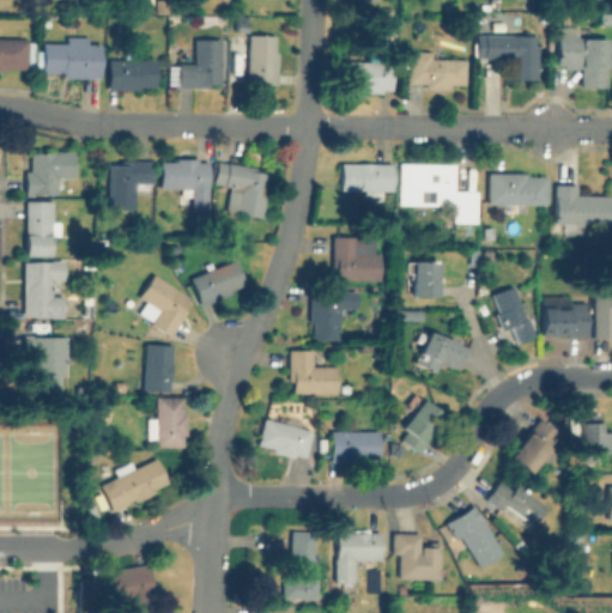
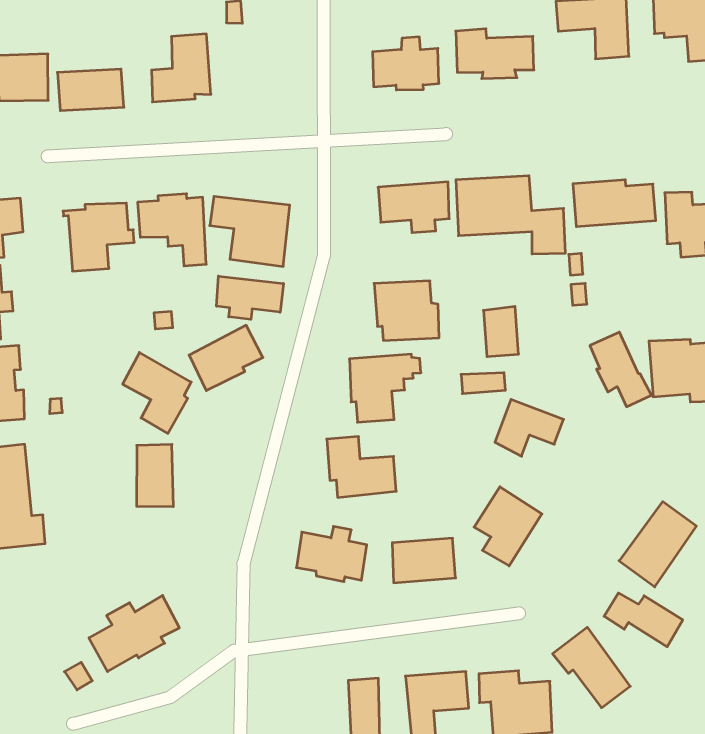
building: [250,37,289,87] -> none
building: none -> [217,276,283,319]
building: [150,399,189,448] -> none

